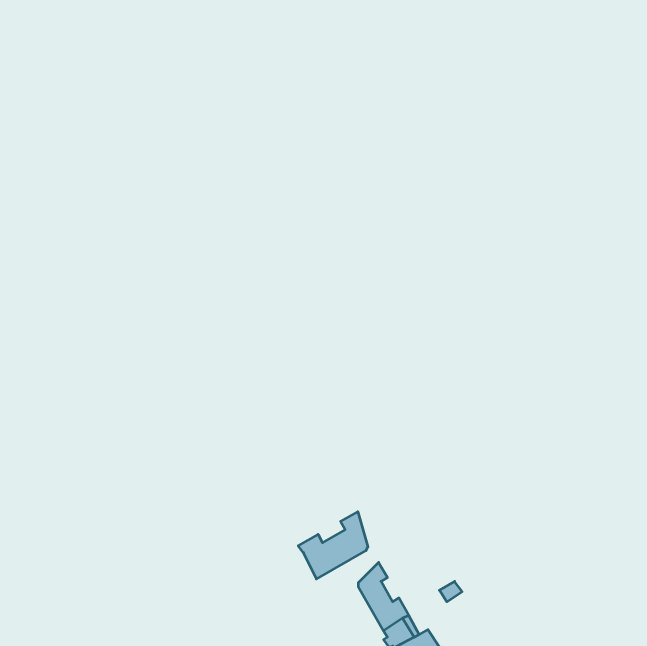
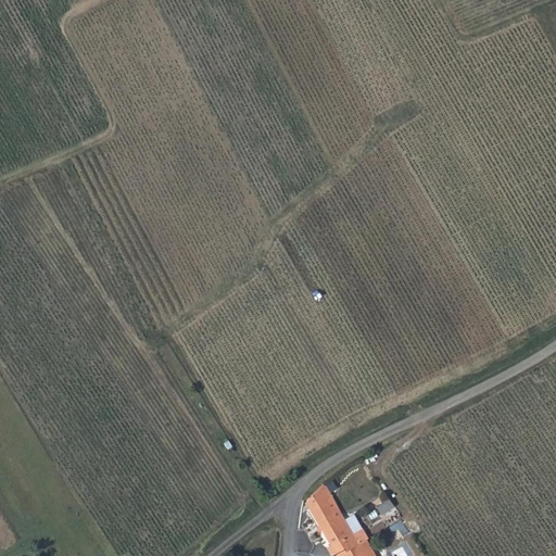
building: [298,512,368,579] -> none

